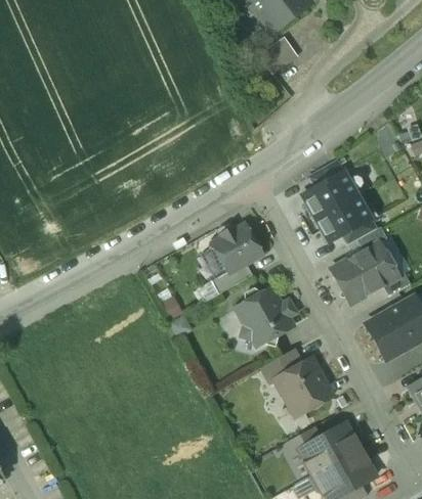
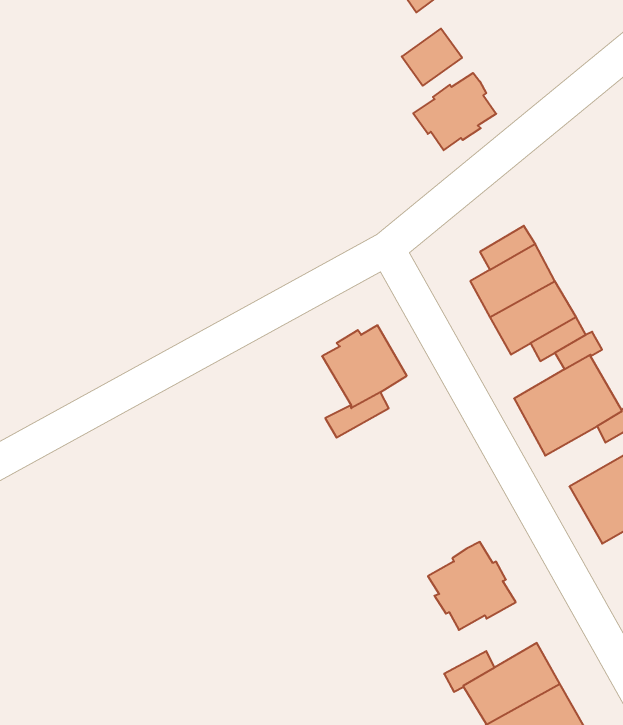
building: none -> [413,73,496,150]
building: [236,287,295,346] -> none
building: [261,349,301,383] -> none

